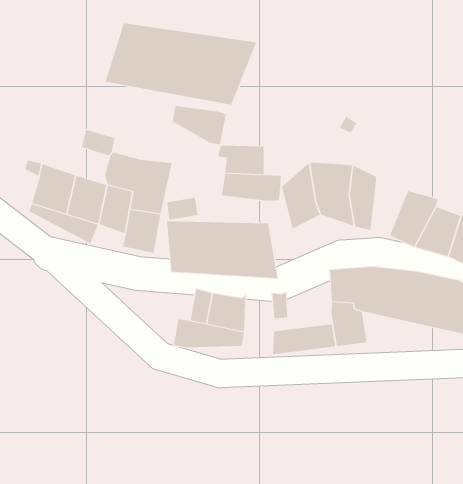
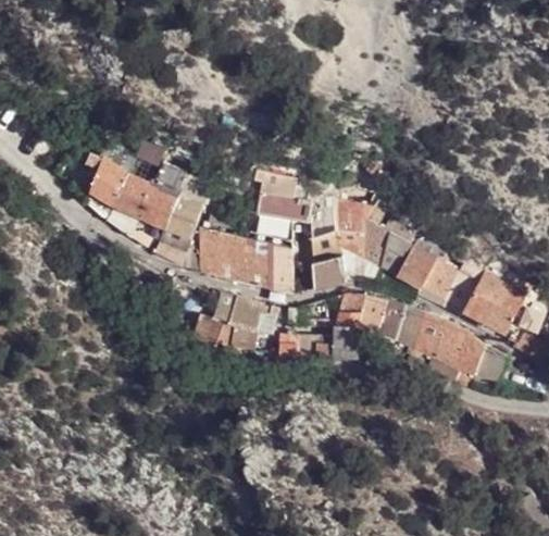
building: [105,22,257,106] -> none
building: [172,105,226,145] -> none
building: none -> [382,221,420,274]
building: none -> [311,246,342,290]

